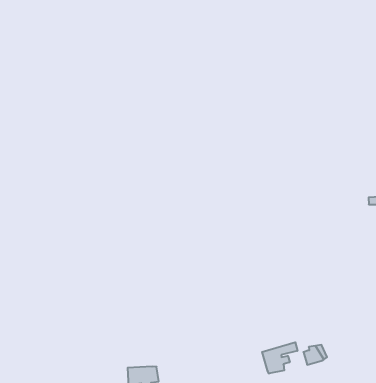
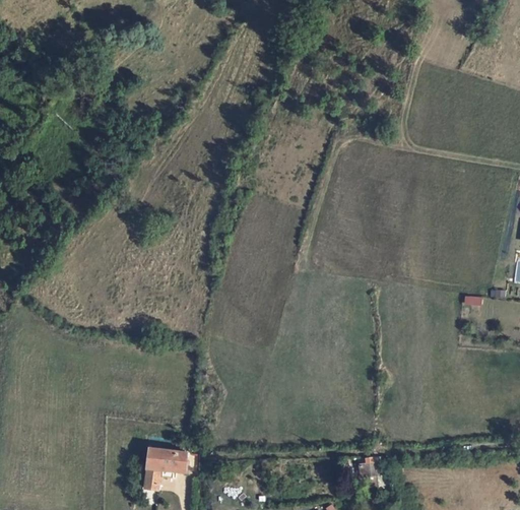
building: [262,342,297,374] -> none

